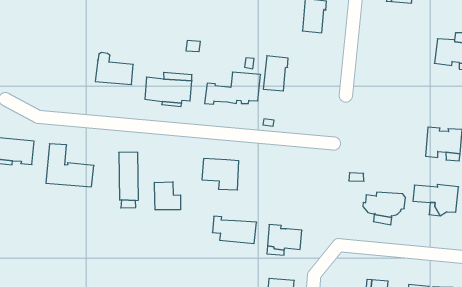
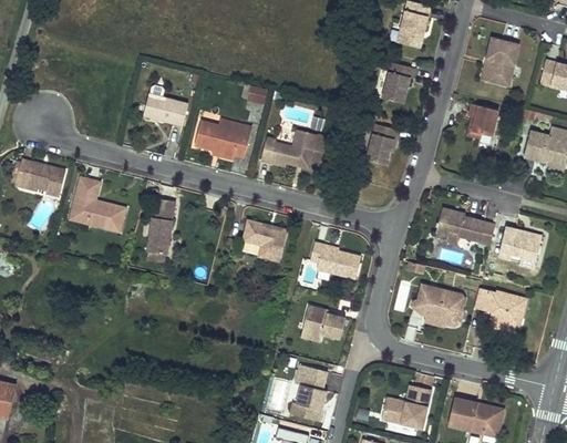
building: none -> [465,104,497,140]
building: [263,56,288,91] -> [365,123,399,165]
building: none -> [435,207,495,245]
building: [154,182,180,210] -> none
building: [212,216,257,244] -> [311,243,362,280]

